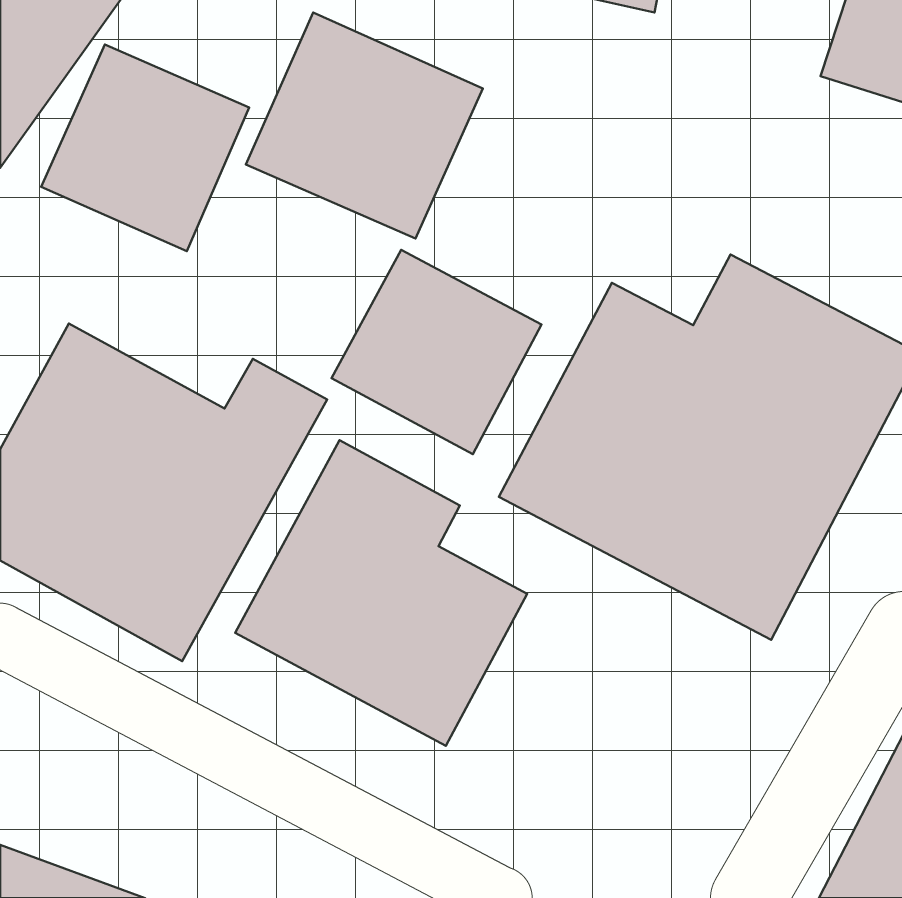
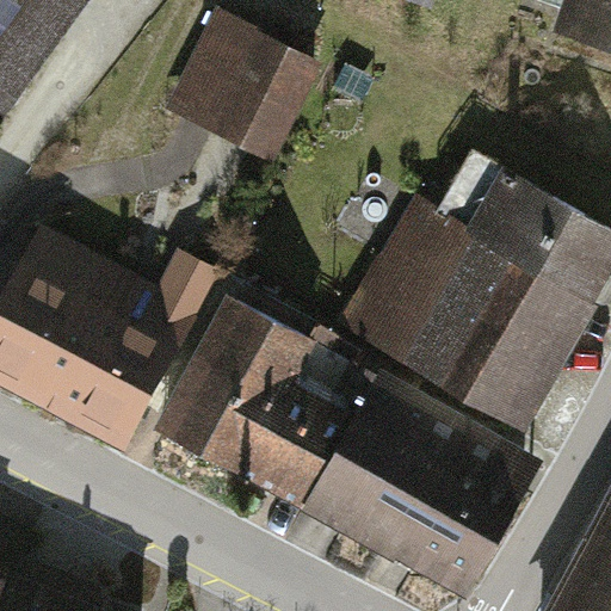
building: [41,44,249,251] -> none
building: [332,250,542,454] -> none
building: none -> [302,376,538,599]

